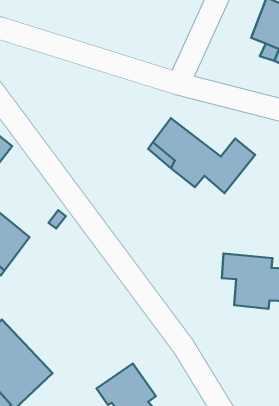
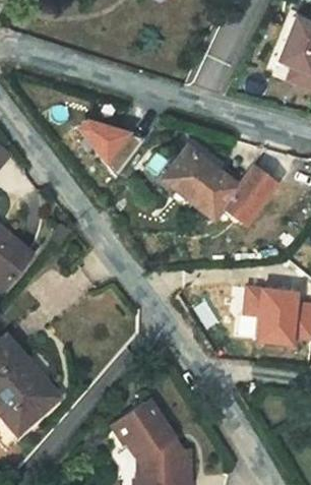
building: none -> [81,116,142,169]

